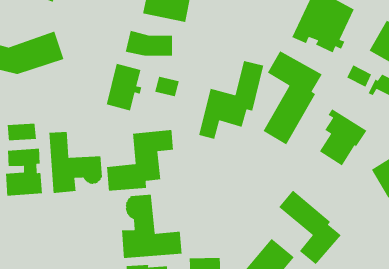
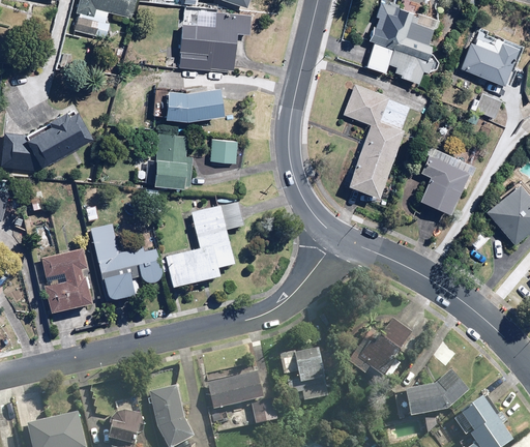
building: [198,60,264,140] -> none
building: [346,64,372,88] -> none
building: [7,123,37,141] -> none
building: [278,190,342,265] -> none
building: [121,194,182,259] -> none

